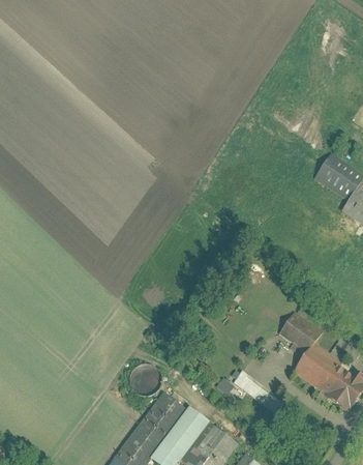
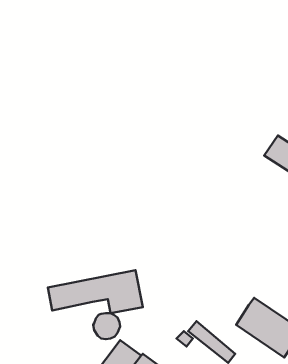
building: [277,309,323,351] -> none
building: none -> [48,270,143,313]

